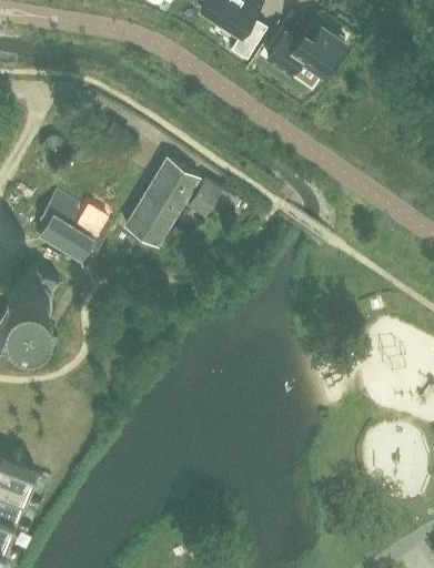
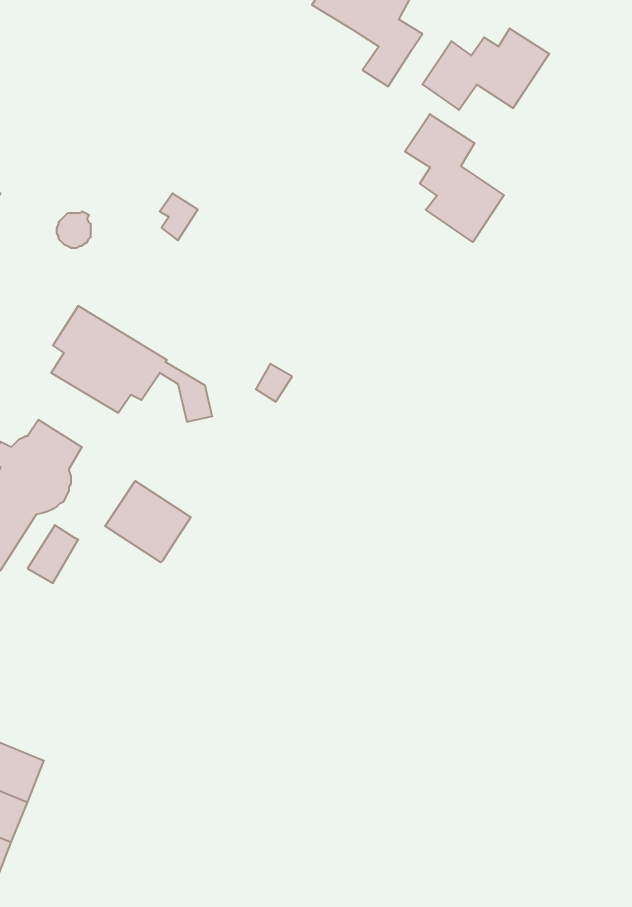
building: none -> [405,114,504,242]
building: [125,160,221,247] -> none
building: none -> [105,481,191,562]

